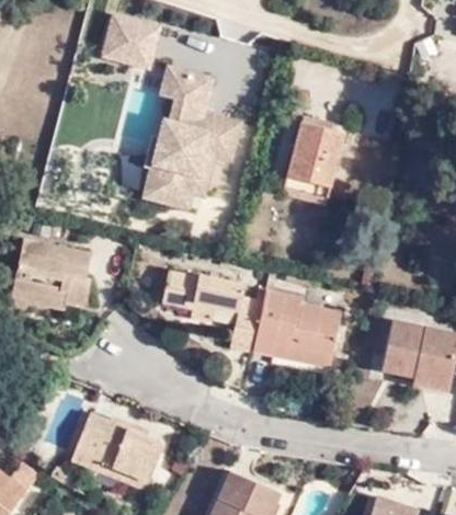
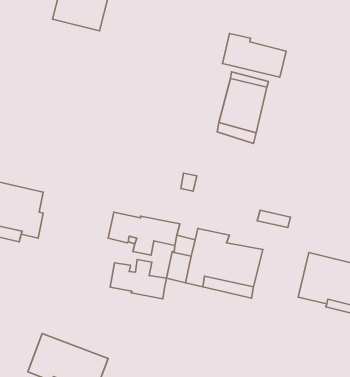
building: [147,66,244,206] -> none
building: none -> [222,34,286,77]
building: none -> [110,259,166,299]

